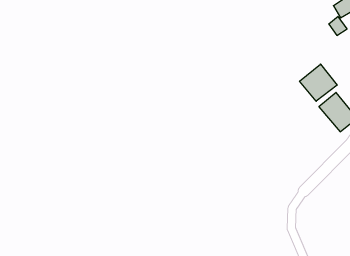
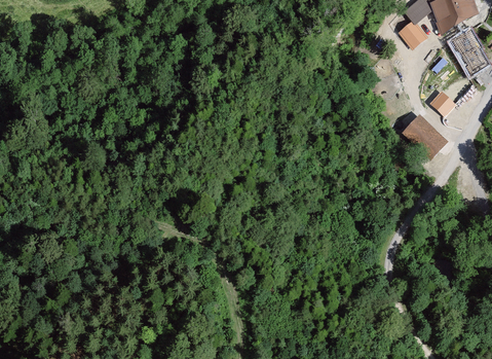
building: [300,64,337,101] -> none

